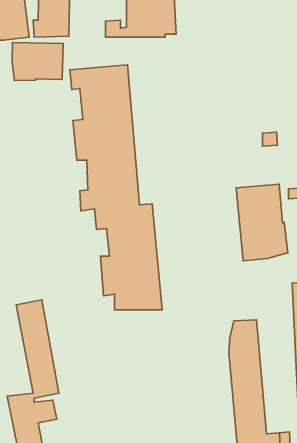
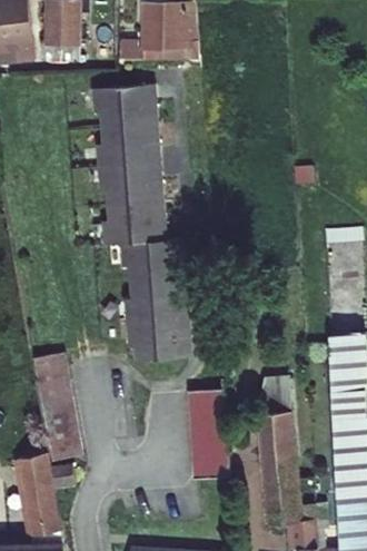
building: [12,43,63,81] -> none
building: [236,184,288,261] -> none
building: none -> [184,394,226,485]

